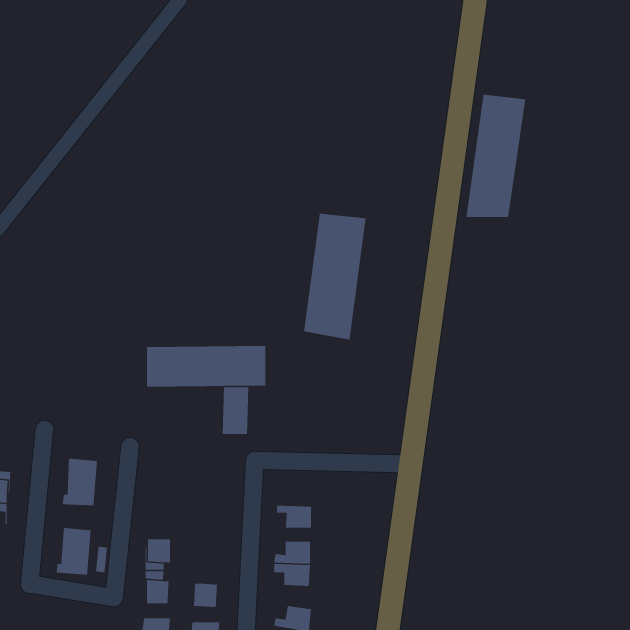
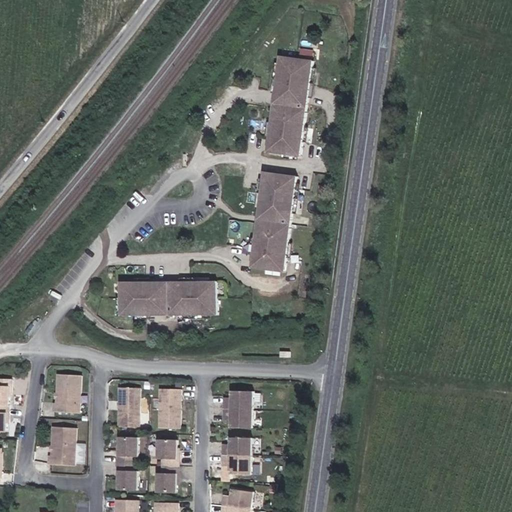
building: [466,94,526,218] -> [261,56,310,156]
building: [222,387,249,435] -> [158,388,180,427]
building: none -> [118,386,140,426]
building: none -> [223,391,253,411]
building: none -> [157,440,177,459]

